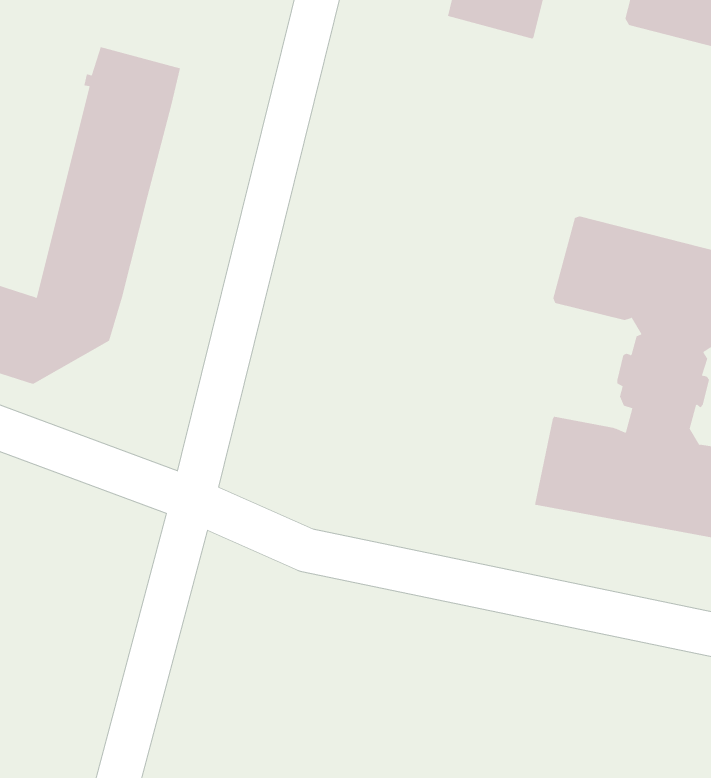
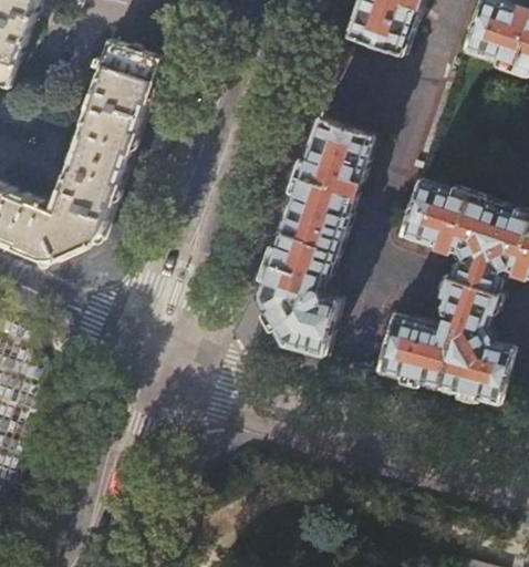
building: none -> [256,116,374,358]

